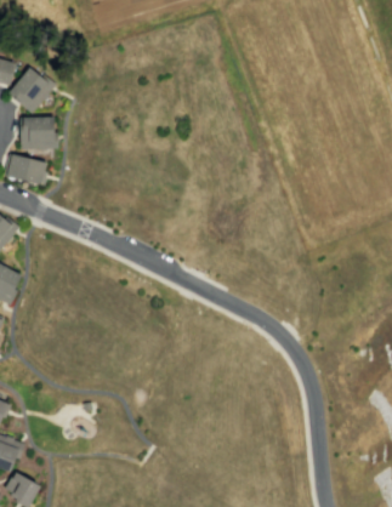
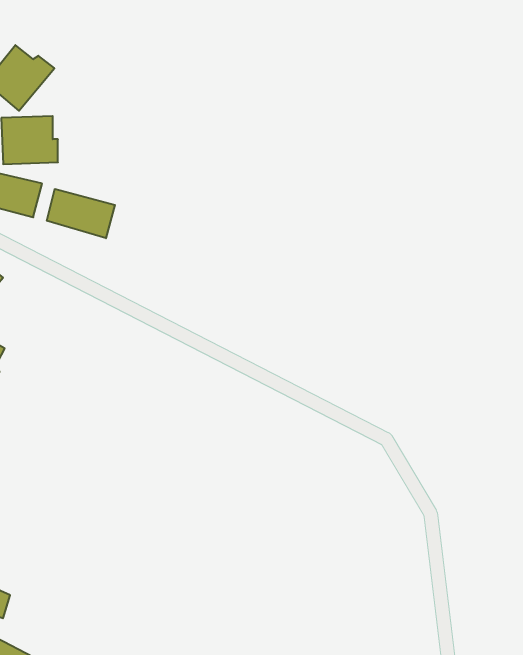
building: none -> [47,189,115,238]

